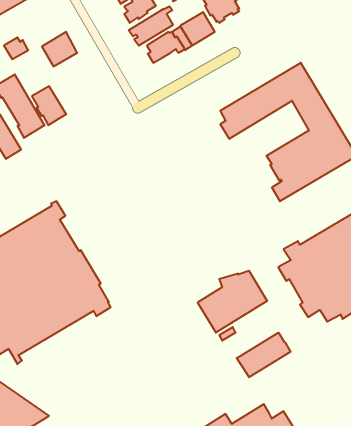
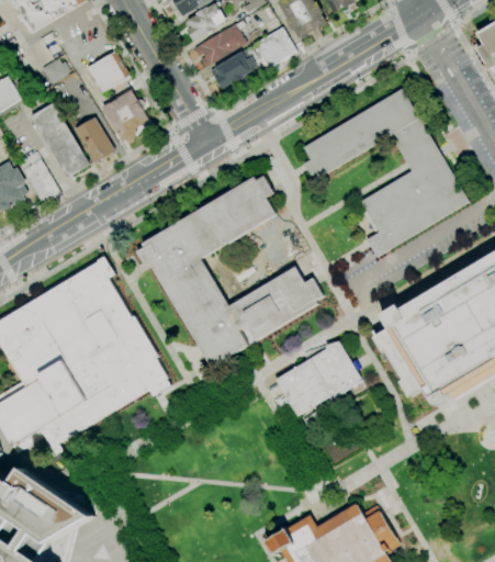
building: none -> [101,89,149,140]
building: none -> [136,175,323,367]
building: [237,333,291,377] -> none

